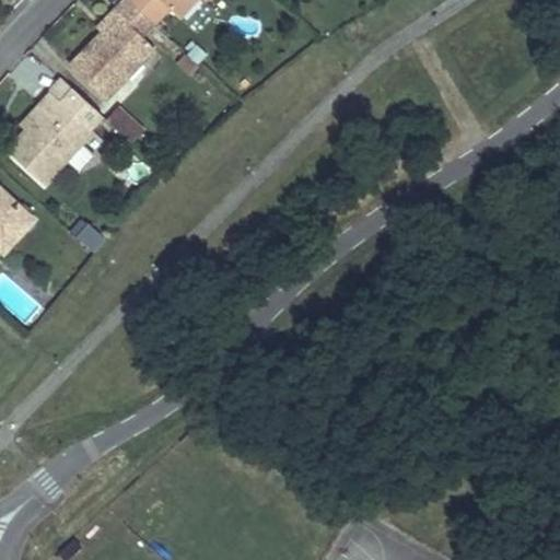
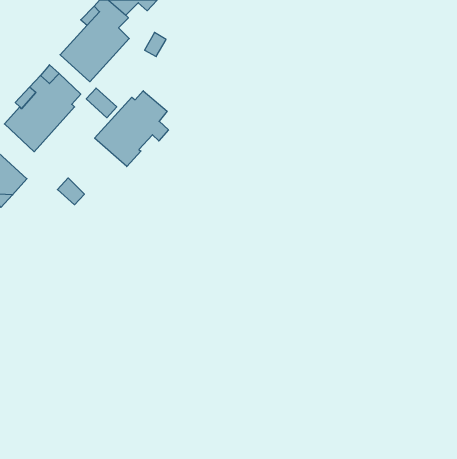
building: none -> [95,91,168,167]

